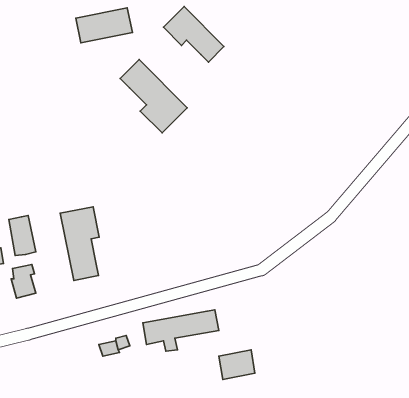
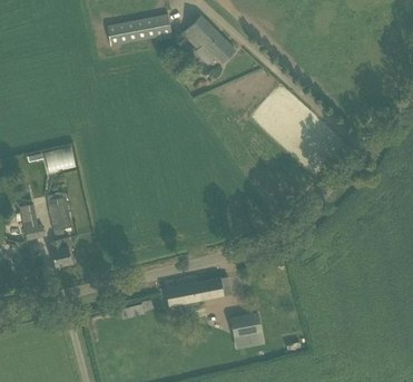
building: [120,60,187,133] -> none
building: [60,207,99,280] -> none

